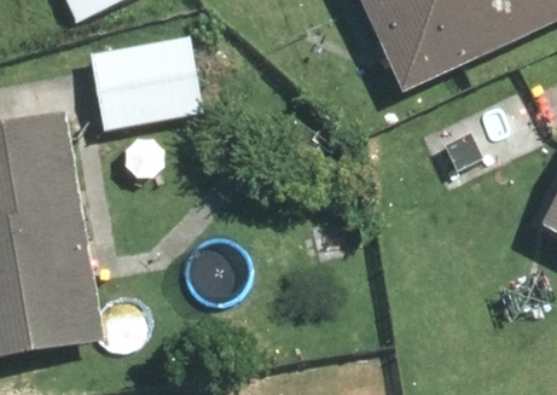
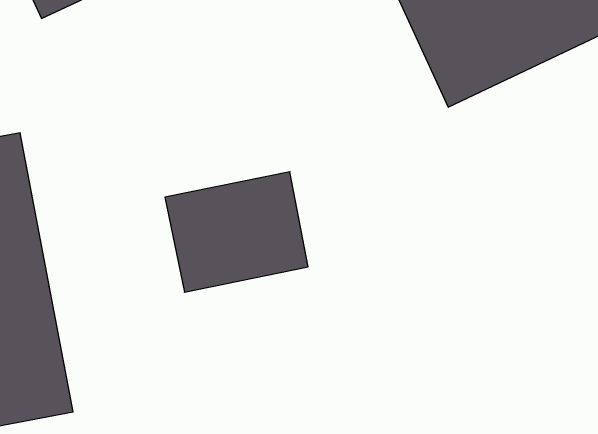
building: [92,35,207,132] -> [165,172,308,292]

